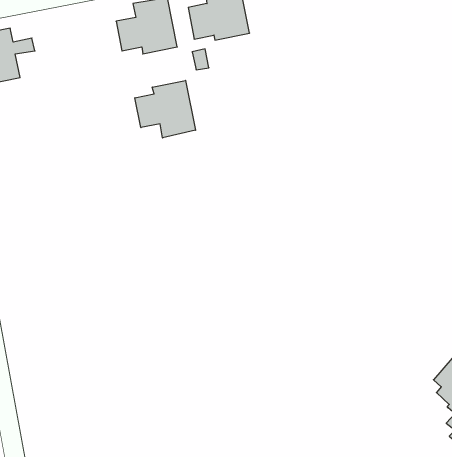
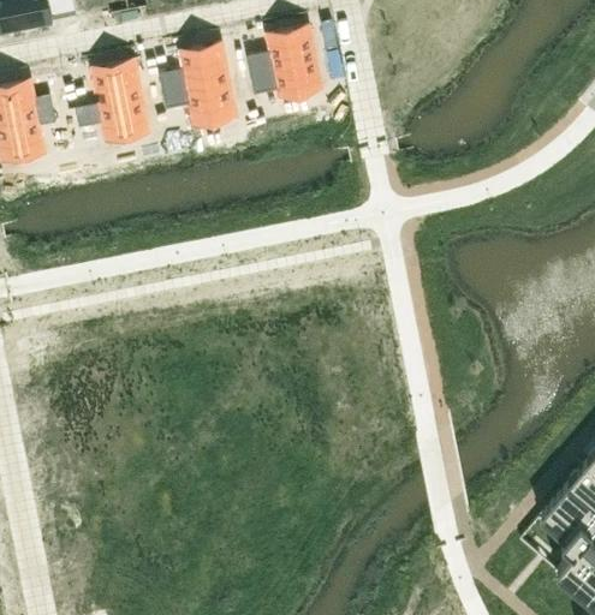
building: none -> [76,64,147,132]
building: [135,80,196,138] -> none

